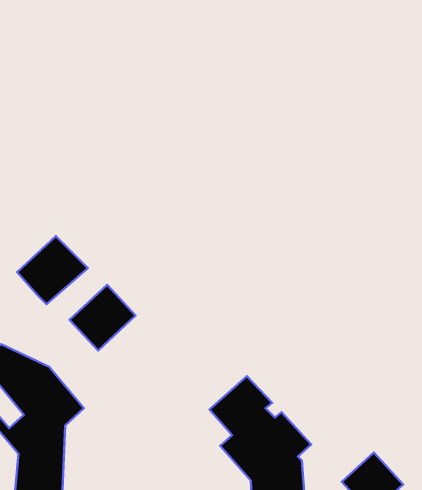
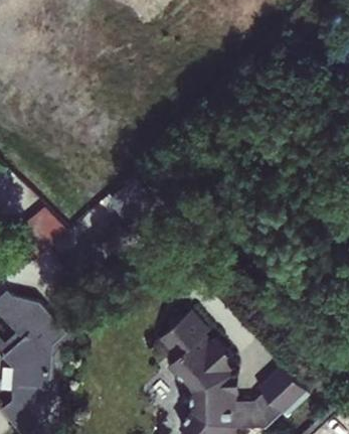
building: [69,285,136,351] -> none

